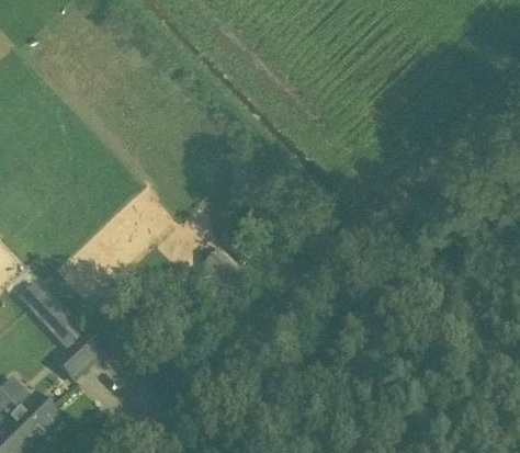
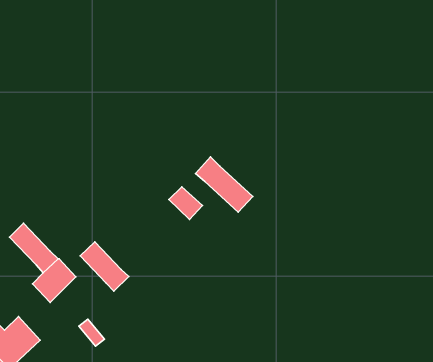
building: none -> [196,157,253,212]
building: none -> [80,242,129,291]

